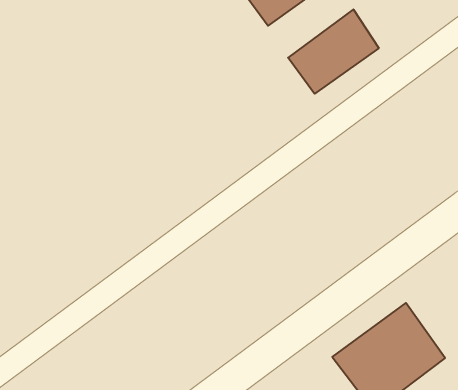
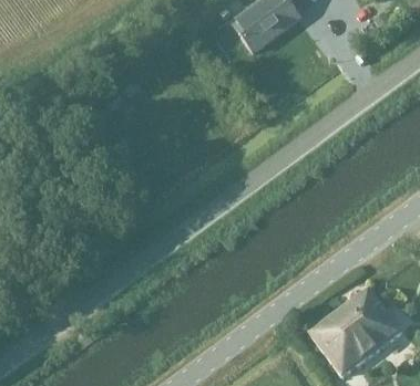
building: [288,9,379,94] -> none

